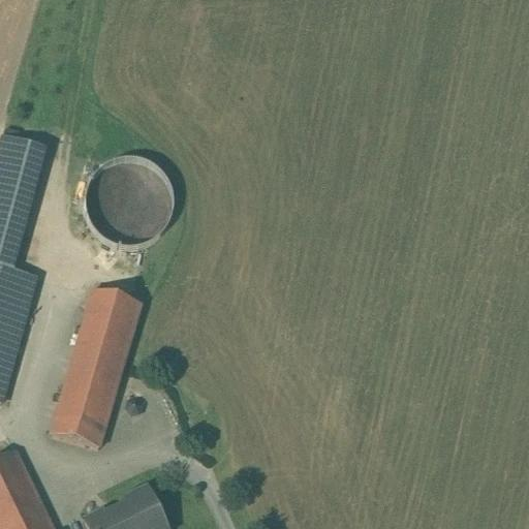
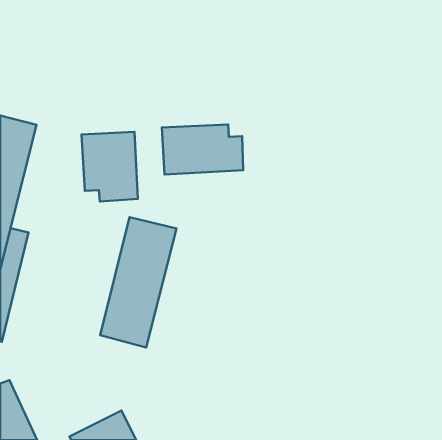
building: none -> [162,124,243,174]
building: [45,290,136,445] -> [100,217,176,347]

